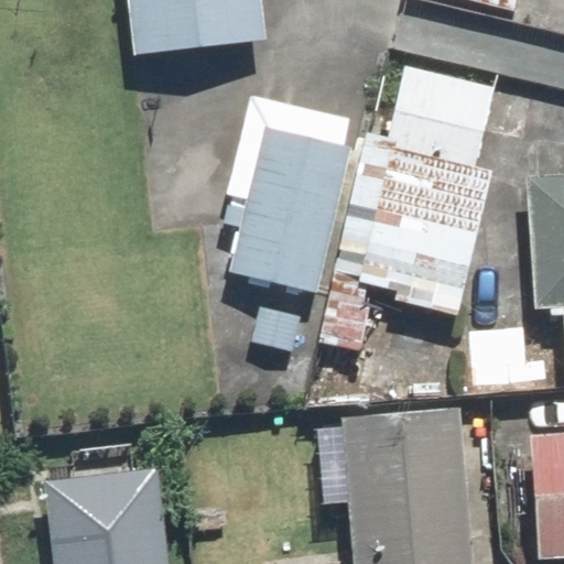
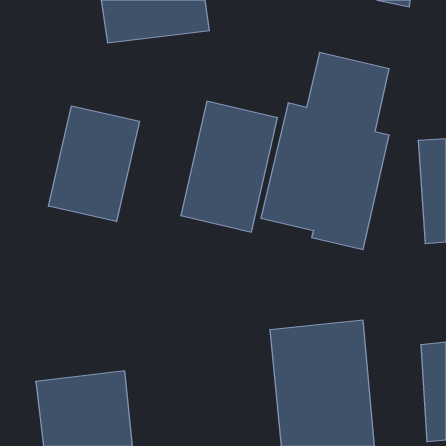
building: none -> [48,106,139,222]

